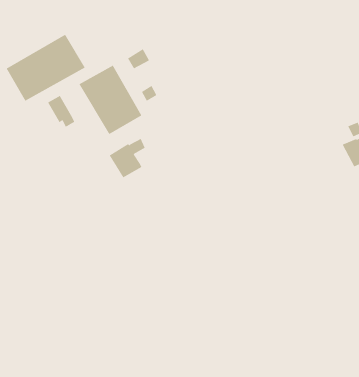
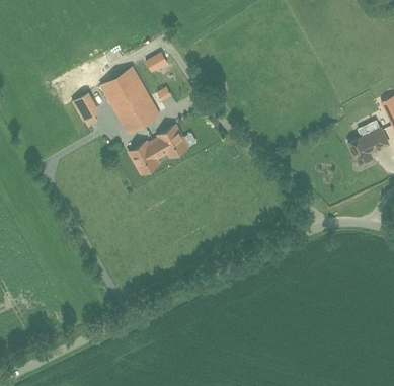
building: [6,34,85,101] -> none
building: none -> [153,126,188,160]

